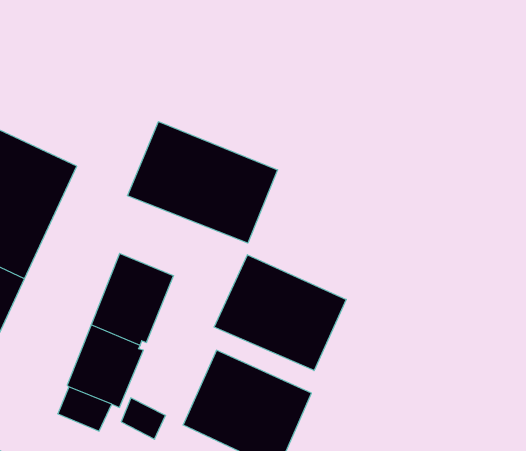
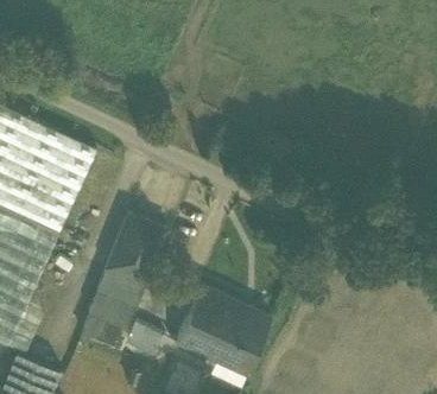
building: [127,122,278,243] -> none
building: [214,255,346,371] -> none

